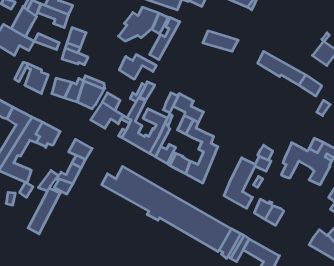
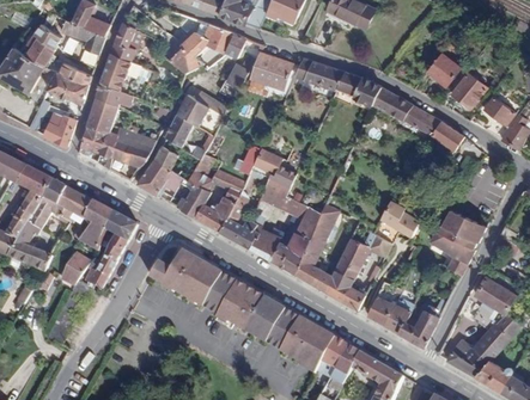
building: none -> [109,23,138,61]
building: none -> [426,43,459,86]
building: none -> [251,53,291,90]
building: none -> [336,72,380,106]
building: none -> [45,73,87,103]
building: none -> [86,98,117,131]
building: none -> [164,113,193,147]
building: none -> [77,201,114,251]
building: none -> [380,201,416,239]
building: none -> [294,204,359,291]
building: none -> [397,303,440,347]

